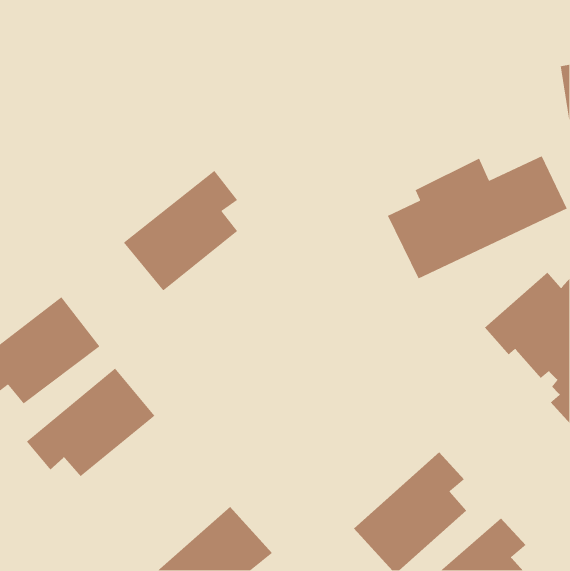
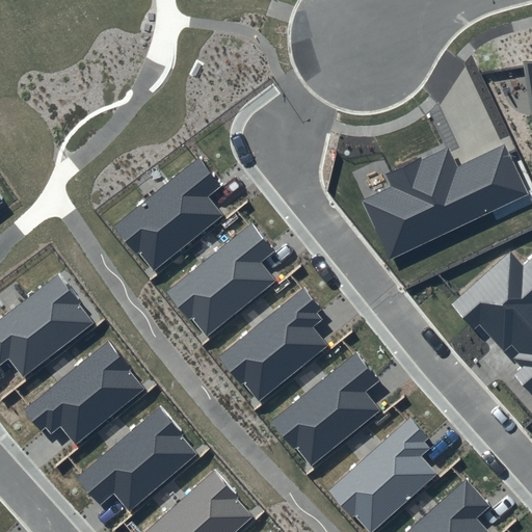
building: none -> [167,224,274,338]
building: none -> [220,288,327,401]
building: none -> [272,354,379,467]
building: none -> [77,407,196,510]

